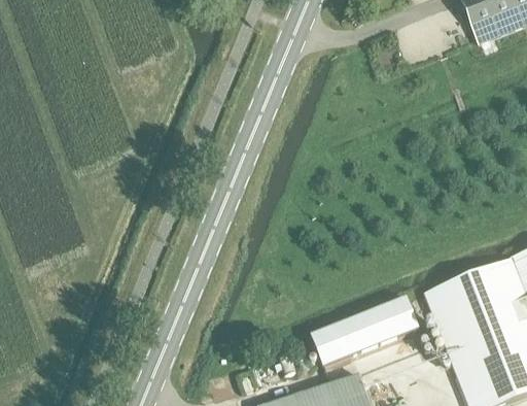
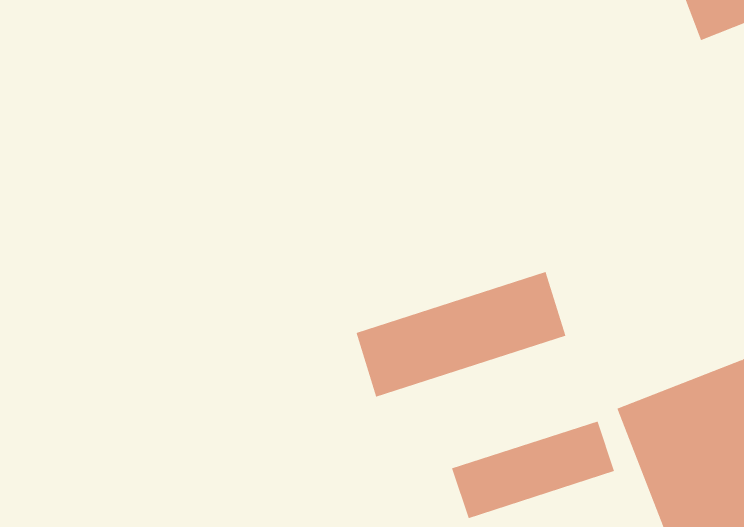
building: none -> [356,271,566,398]

